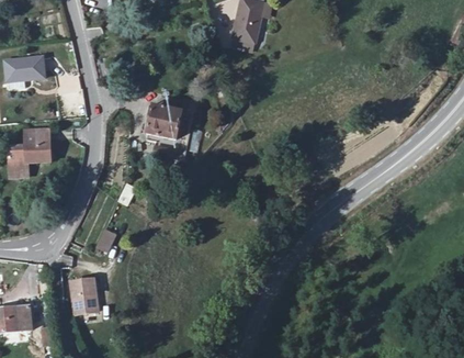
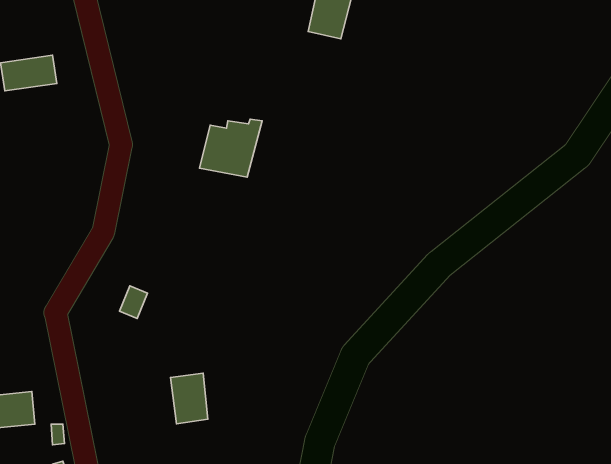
building: [9,128,52,177] -> none
building: [69,278,97,315] -> [171,373,208,424]

